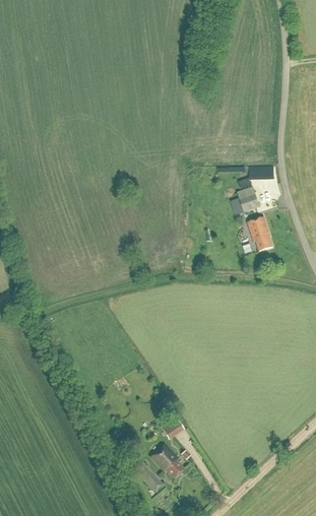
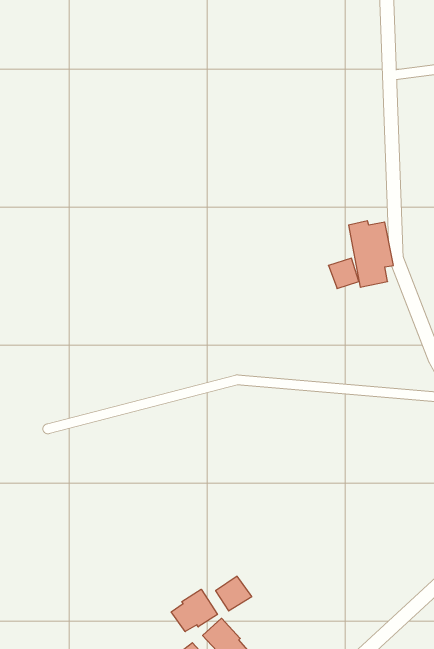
building: [247,215,272,250] -> none
building: none -> [171,589,217,632]

